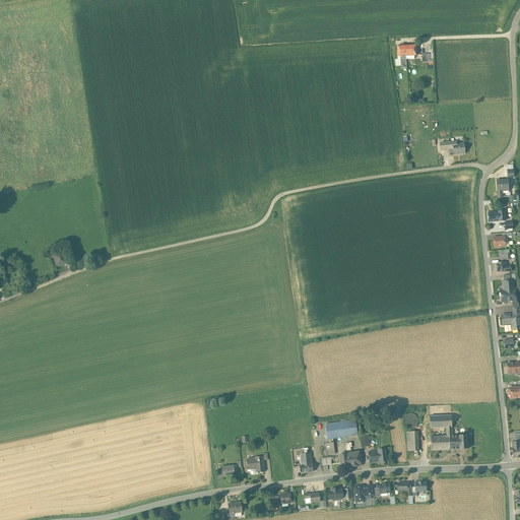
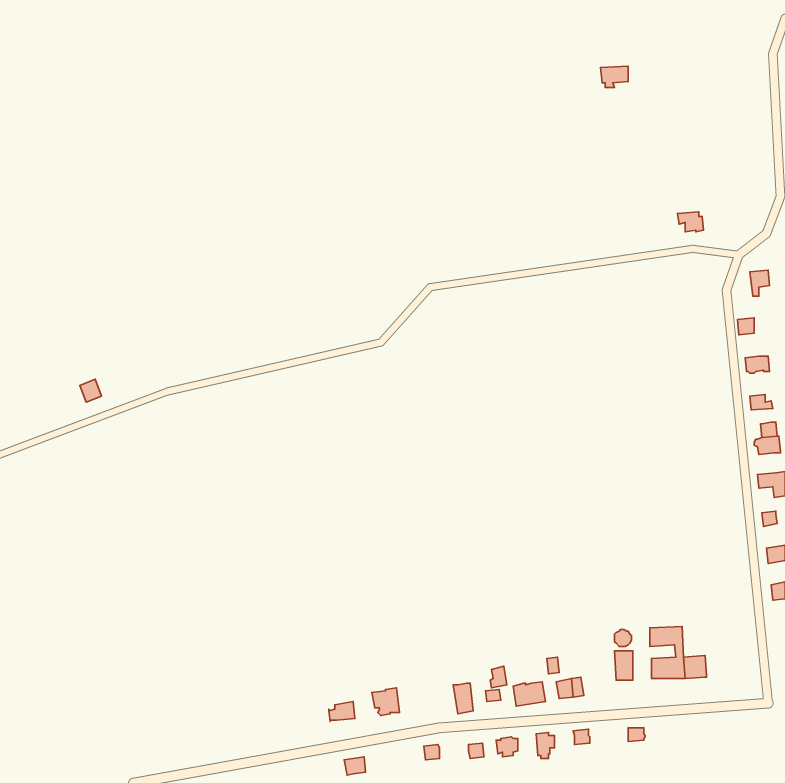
building: [325,418,358,439] -> none

